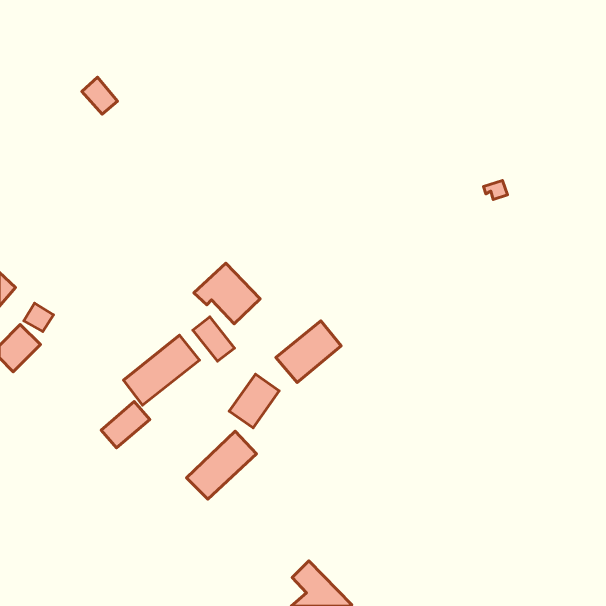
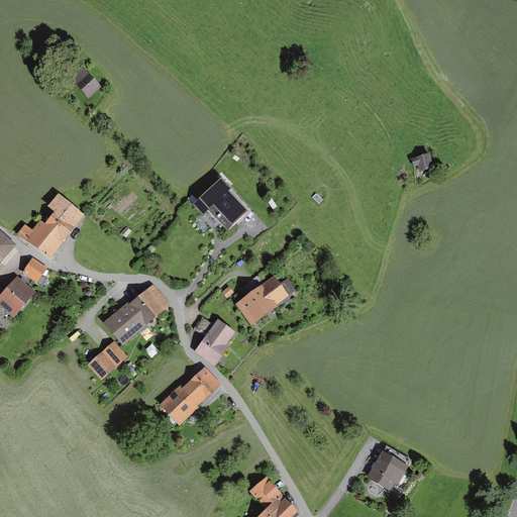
building: none -> [14,194,84,258]
building: [194,263,260,324] -> [192,178,248,229]
building: [193,317,234,361] -> none
building: none -> [369,449,409,491]

